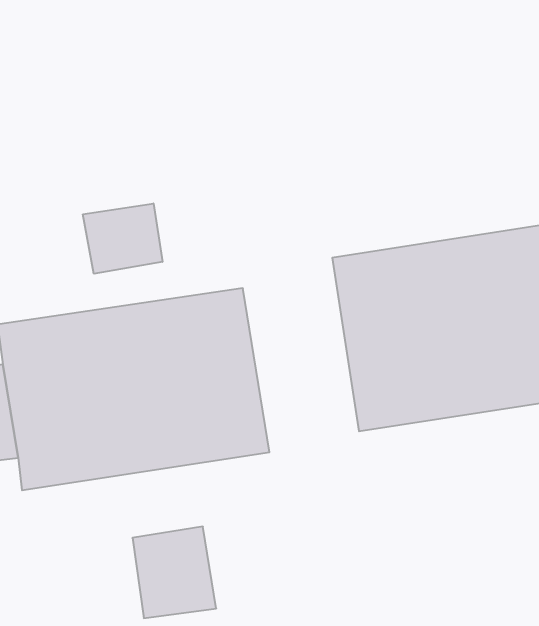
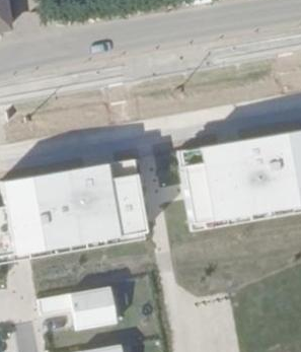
building: [83,203,162,274] -> none

